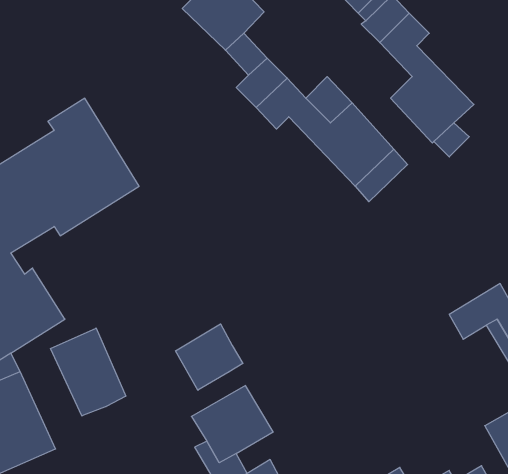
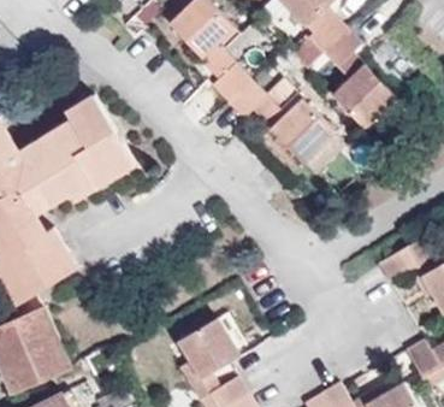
building: [176,324,243,390] -> none
building: [50,328,126,416] -> none

